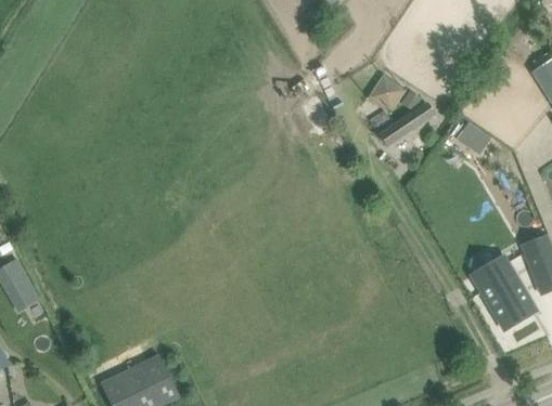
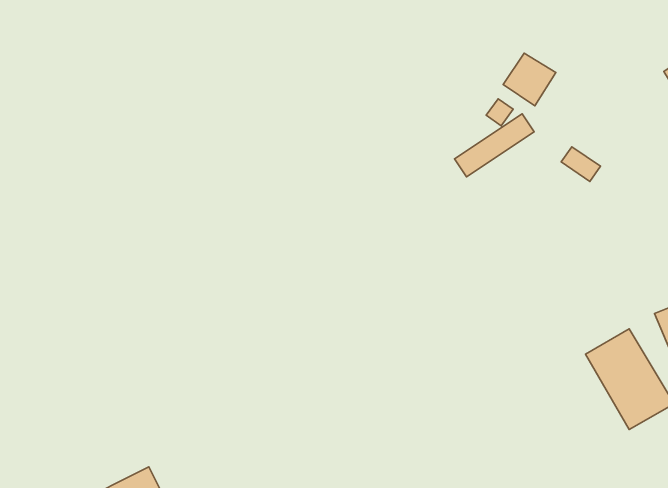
building: [369,76,407,114] -> [503,53,556,106]

